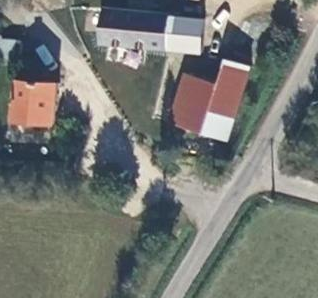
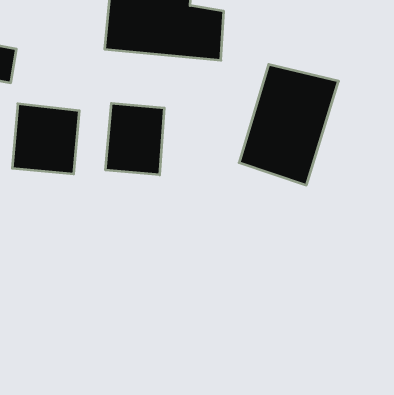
building: [164,16,201,54] -> none
building: none -> [106,103,164,175]

